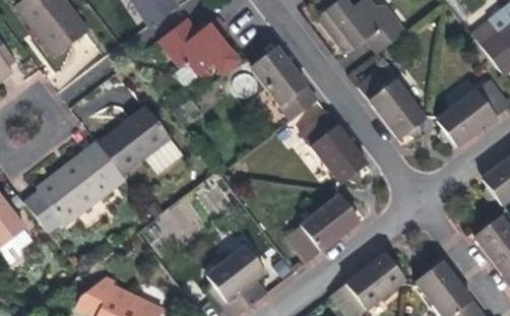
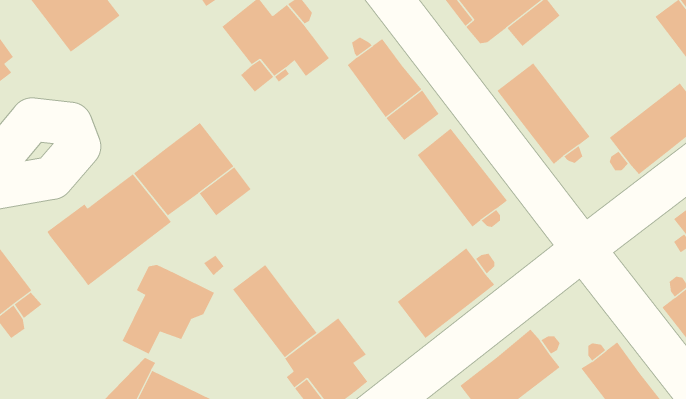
building: [23,188,63,232] -> none
building: none -> [122,264,215,355]
building: none -> [232,264,318,358]

